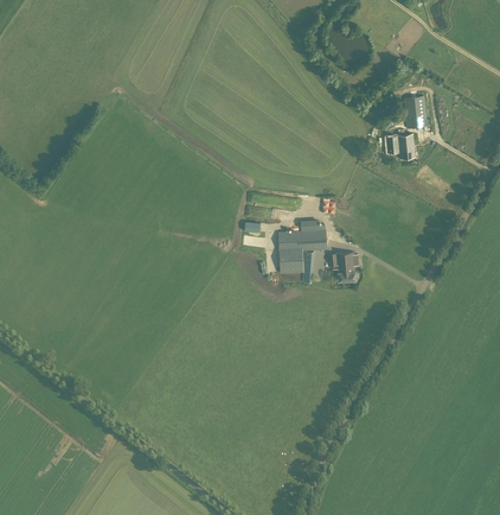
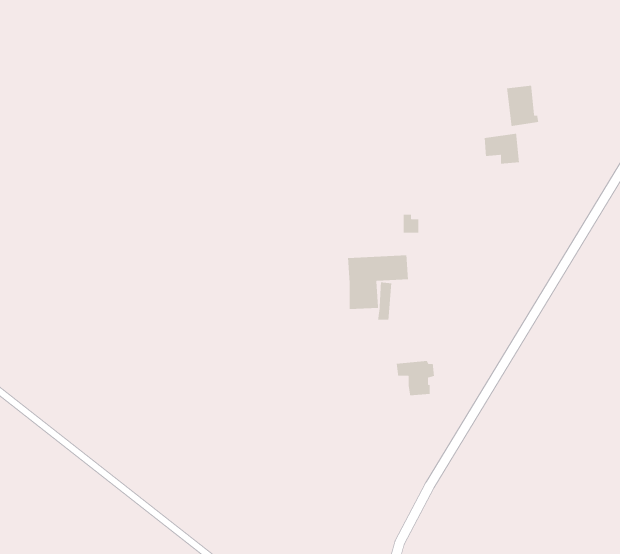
building: [326,252,357,280] -> [396,360,435,396]

